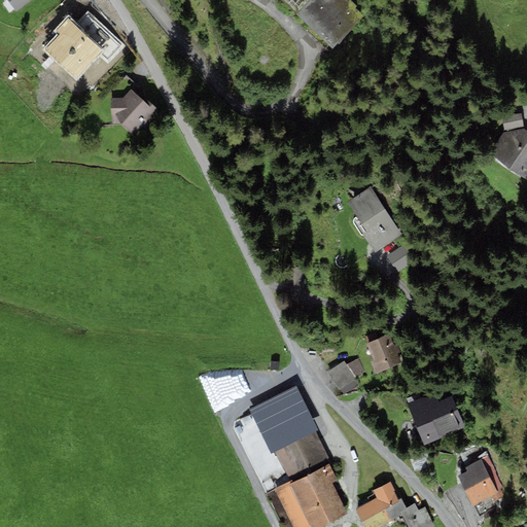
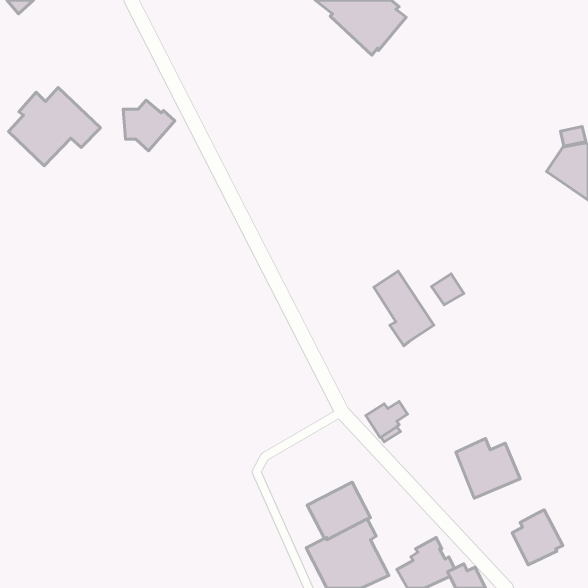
building: [43,10,126,80] -> [9,88,101,166]
building: [348,186,401,253] -> [374,271,434,346]
building: [367,335,401,375] -> none
building: [248,386,318,454] -> none

